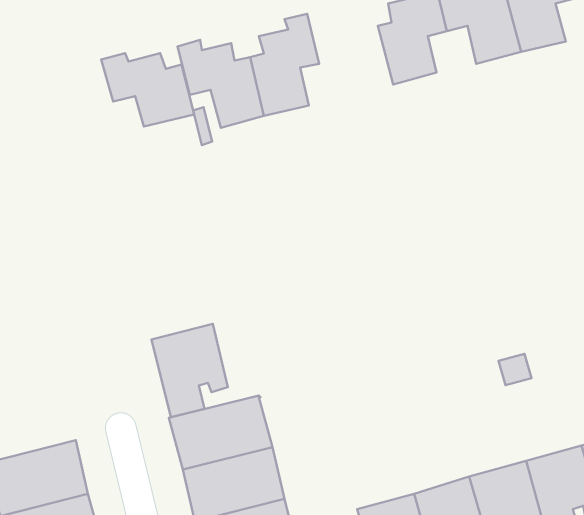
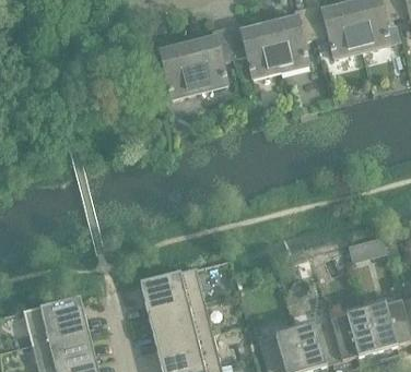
building: none -> [226,20,281,74]
building: [101,53,194,126] -> none
building: [152,324,228,417] -> none

